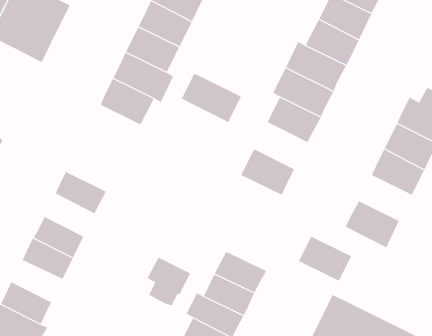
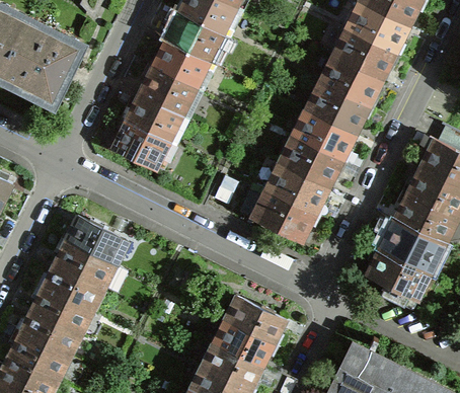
building: [181,73,242,123] -> [265,163,328,215]
building: none -> [55,240,107,285]
building: [298,236,352,282] -> [381,221,437,268]
building: [147,257,191,306] -> none
building: none -> [20,309,74,352]

